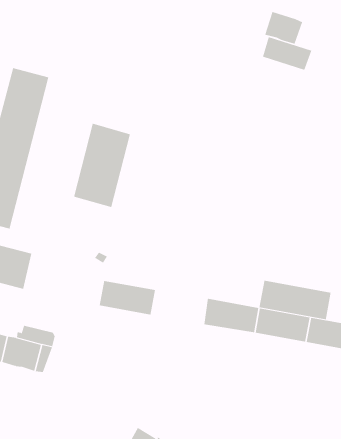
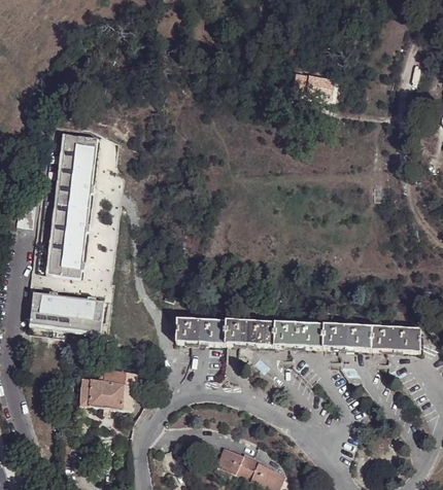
building: [265,11,303,44] -> none
building: [73,123,131,208] -> none
building: [259,280,331,320] -> none
building: none -> [223,318,272,344]

